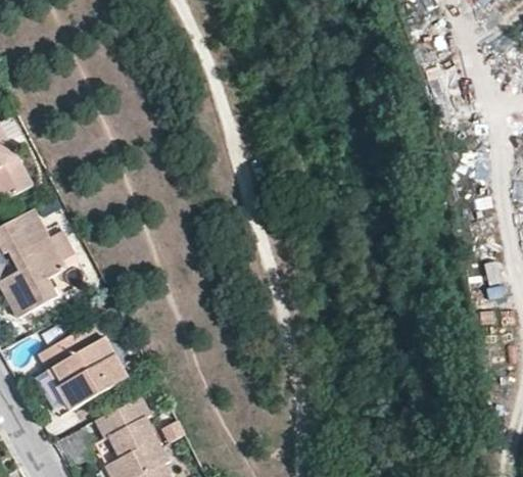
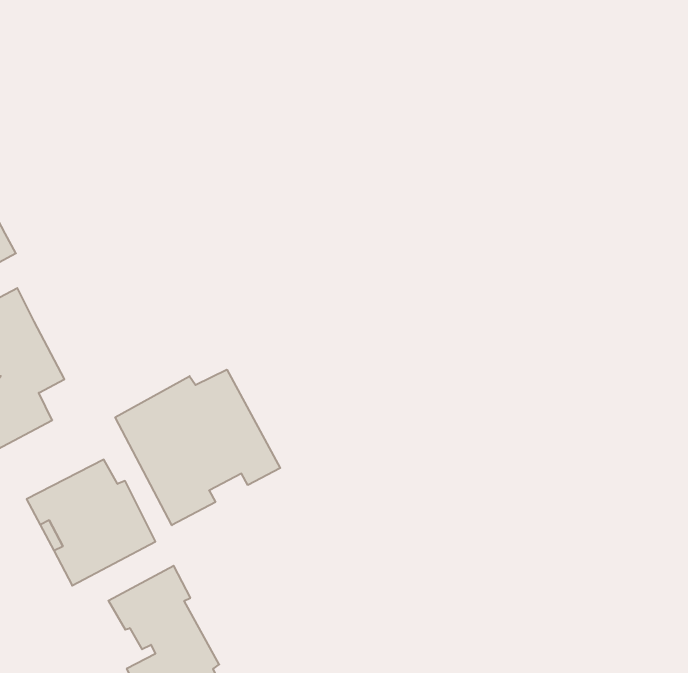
building: none -> [115,370,280,525]

